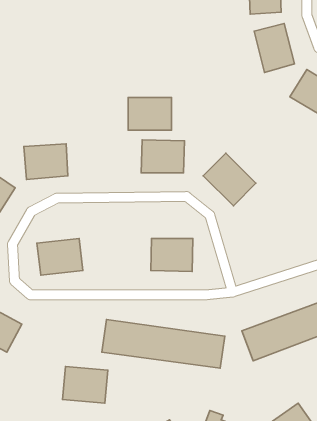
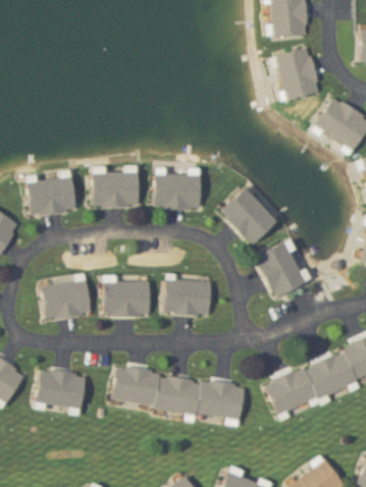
building: [128,97,171,130] -> [92,172,139,208]
building: none -> [255,241,307,299]
building: none -> [103,281,150,317]
building: [63,366,108,403] -> [37,370,86,410]

